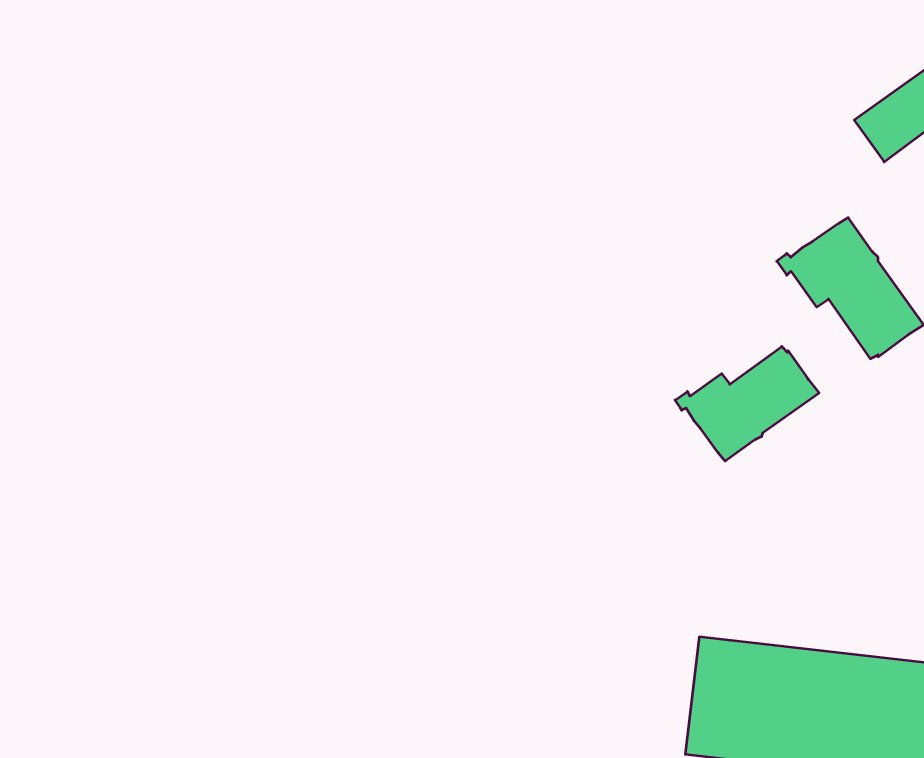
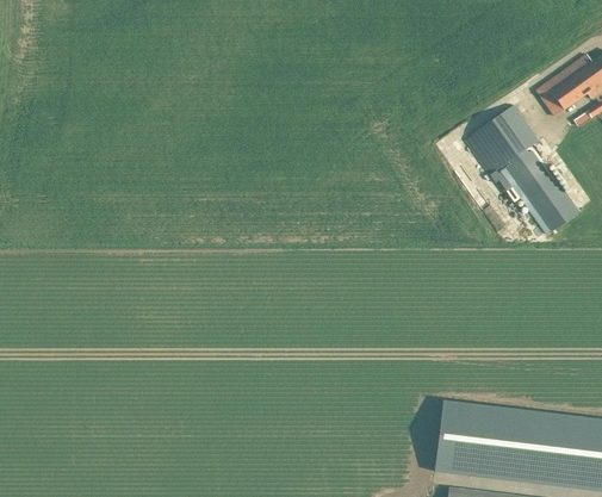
building: none -> [466,106,539,175]
building: [675,346,819,461] -> none

